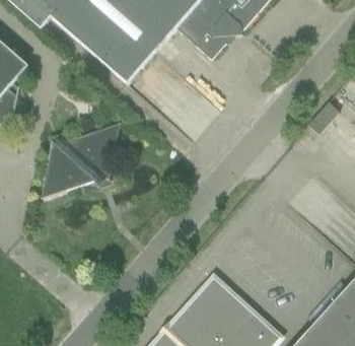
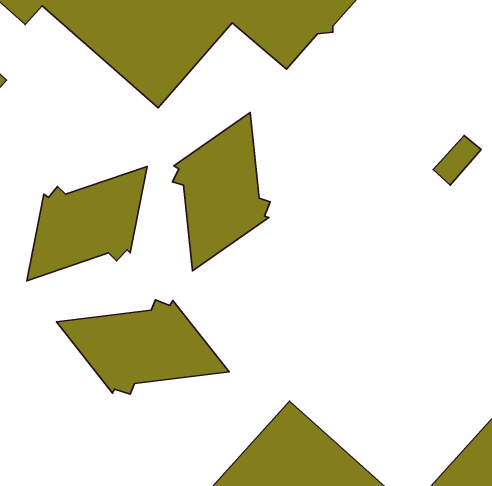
building: none -> [173,113,270,271]
building: none -> [56,300,229,394]

